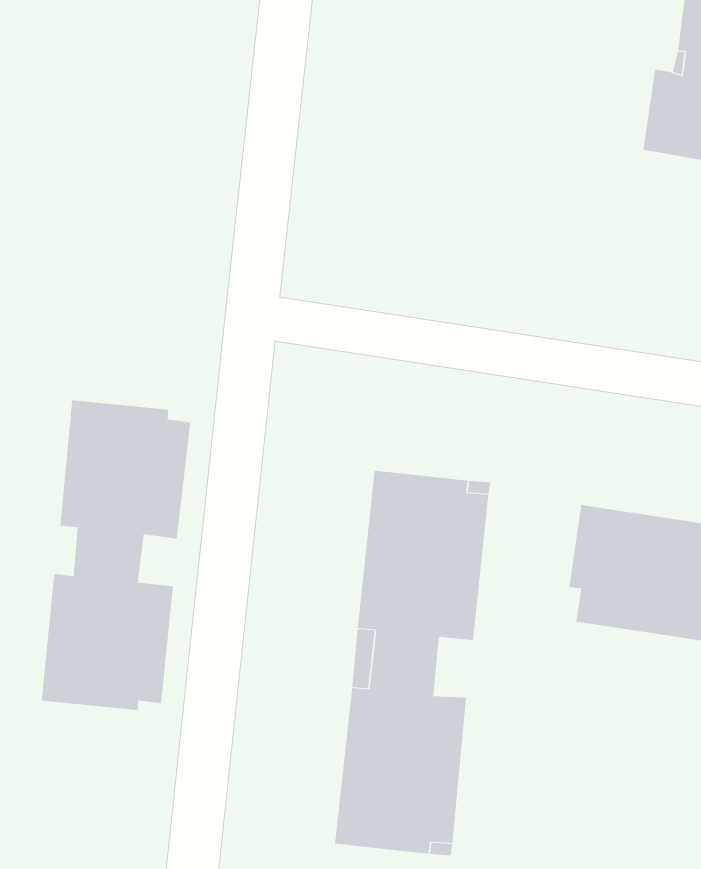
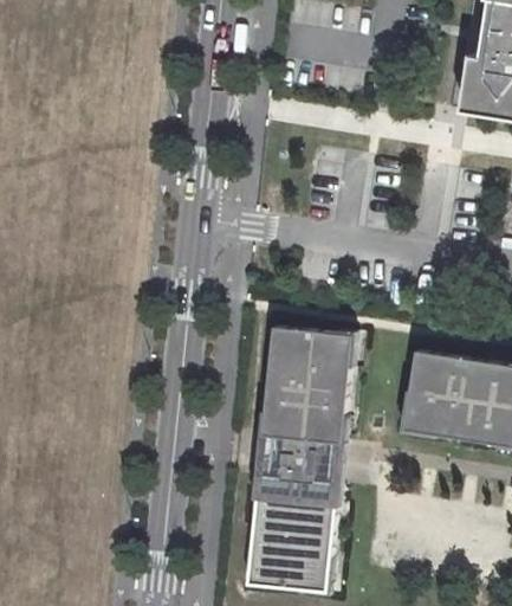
building: [41,399,191,711] -> none

